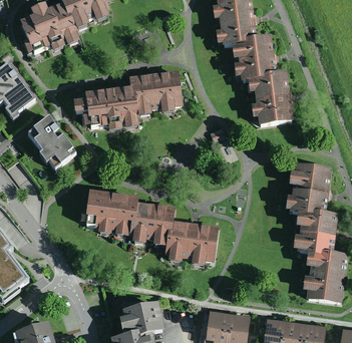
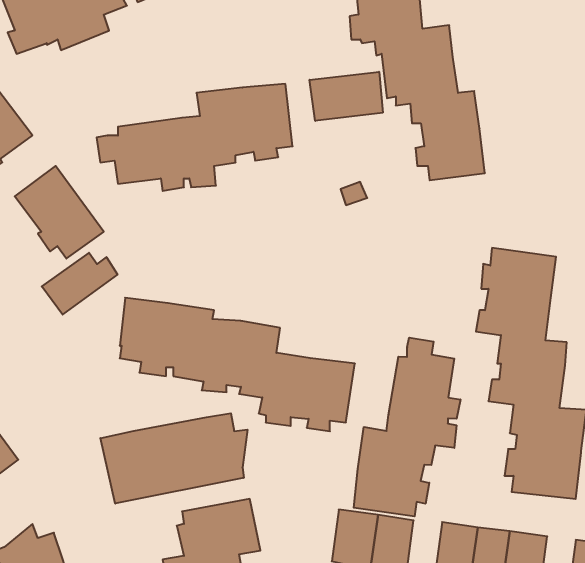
building: none -> [310,72,383,121]
building: none -> [42,253,117,315]
building: none -> [354,338,460,516]
building: none -> [100,413,247,504]

